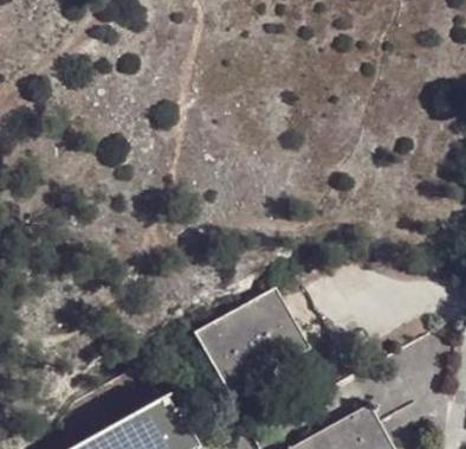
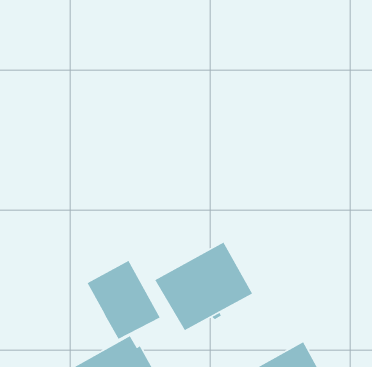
building: none -> [86,260,161,340]

